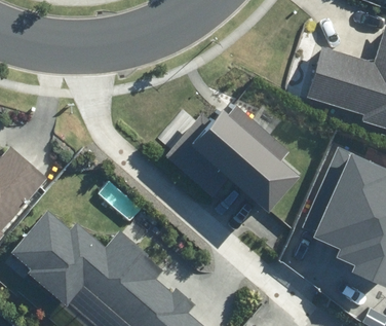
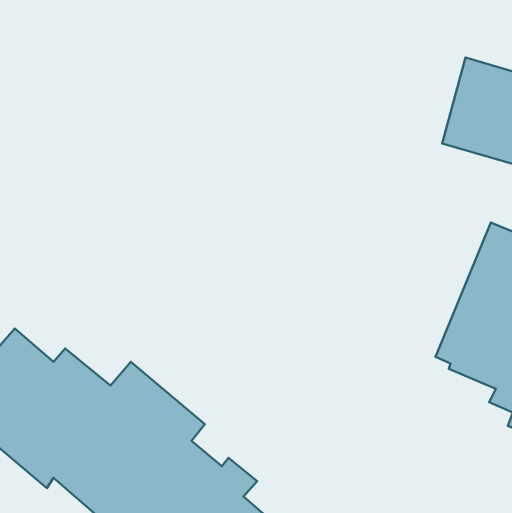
building: [166,108,301,212] -> none

